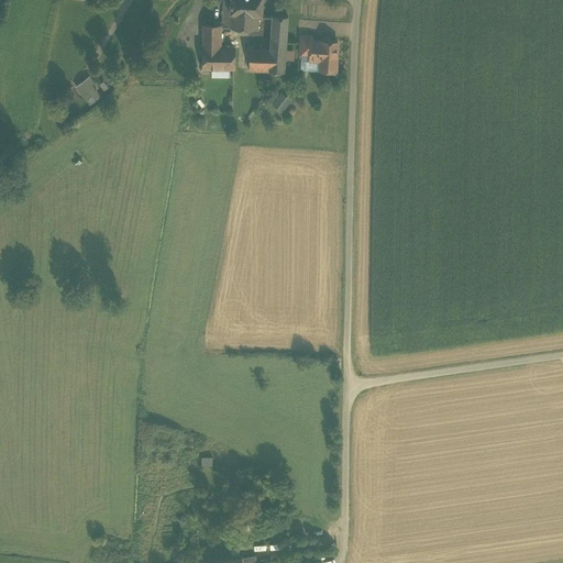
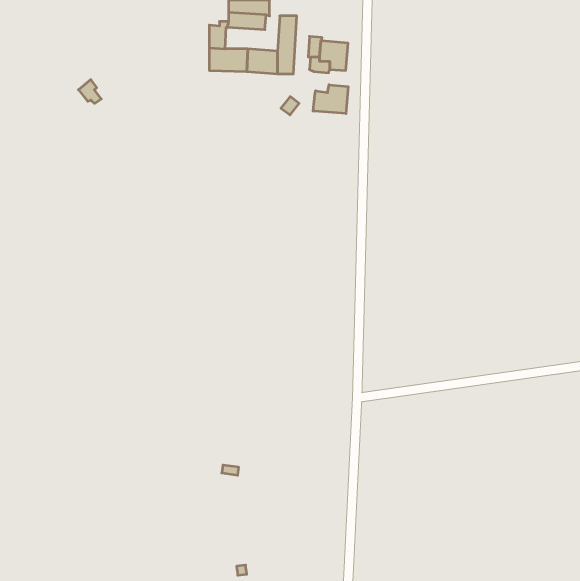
building: none -> [313,85,348,114]

